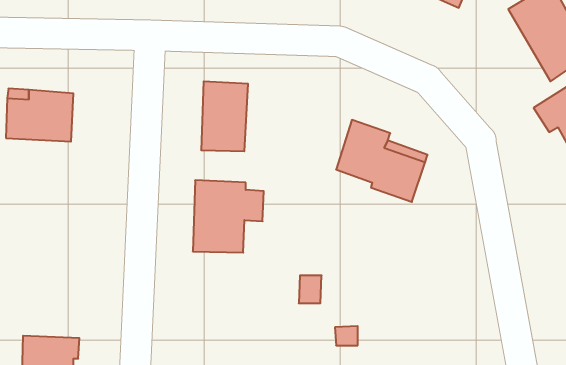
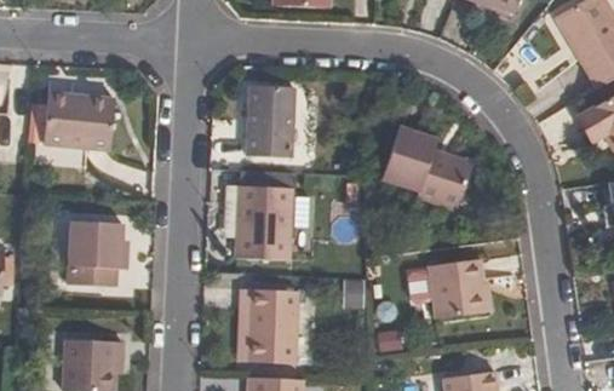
building: none -> [67,224,126,286]
building: none -> [430,264,487,324]
building: none -> [248,287,295,362]

